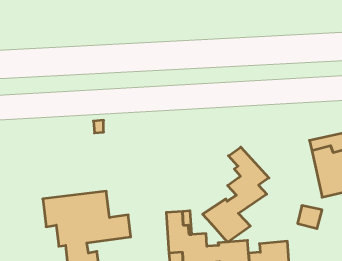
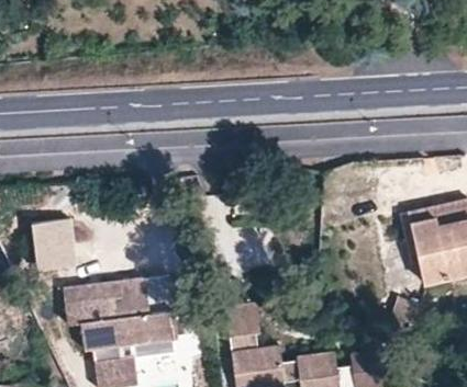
building: none -> [31,221,75,272]
building: [203,147,269,242] -> none

